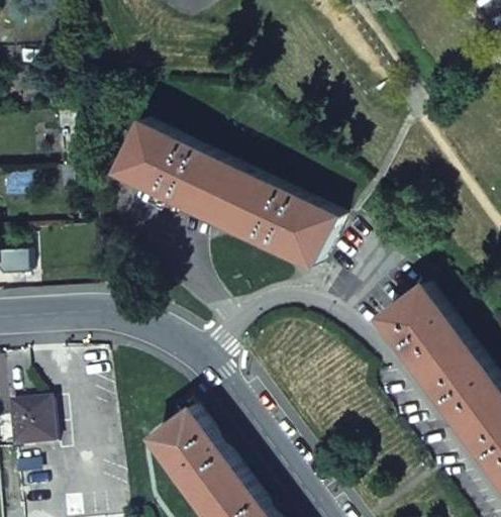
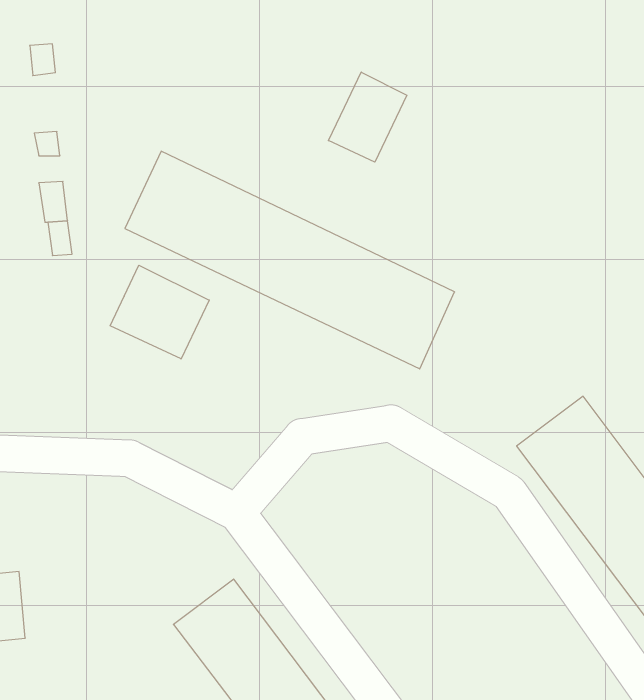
building: none -> [328,72,407,162]
building: none -> [110,265,209,359]

